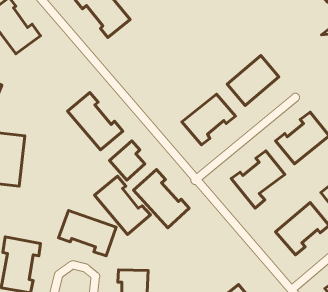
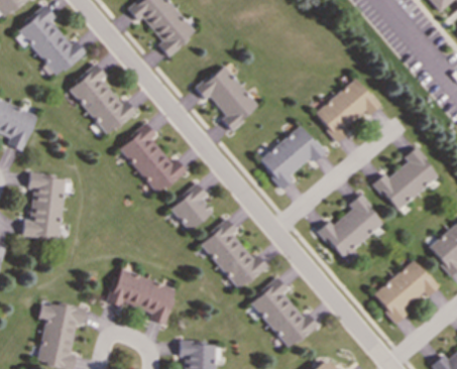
building: none -> [68,64,135,135]
building: none -> [195,64,258,130]
building: [95,176,151,235] -> [250,277,319,349]

